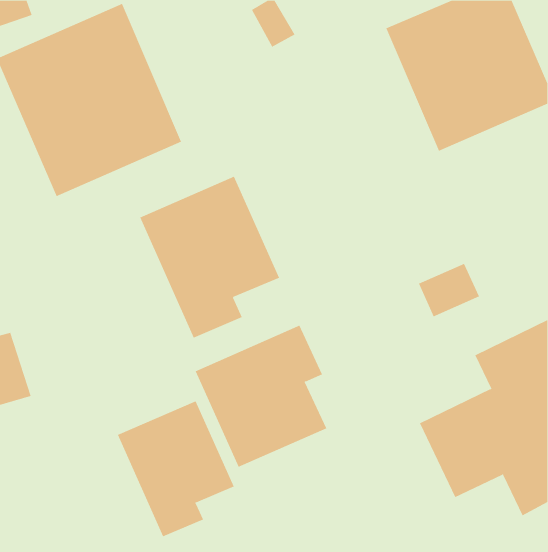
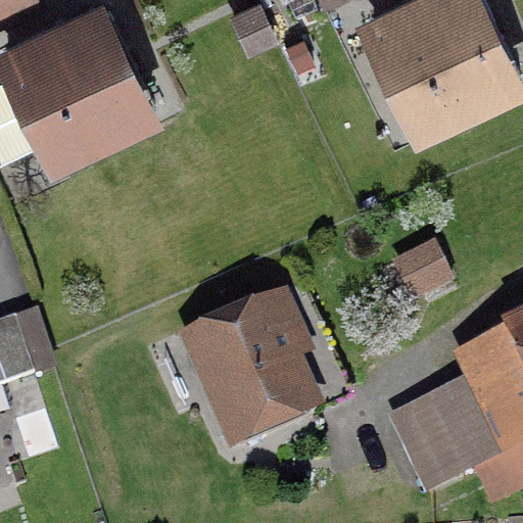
building: [140,176,280,339] -> none
building: [117,400,235,537] -> none

